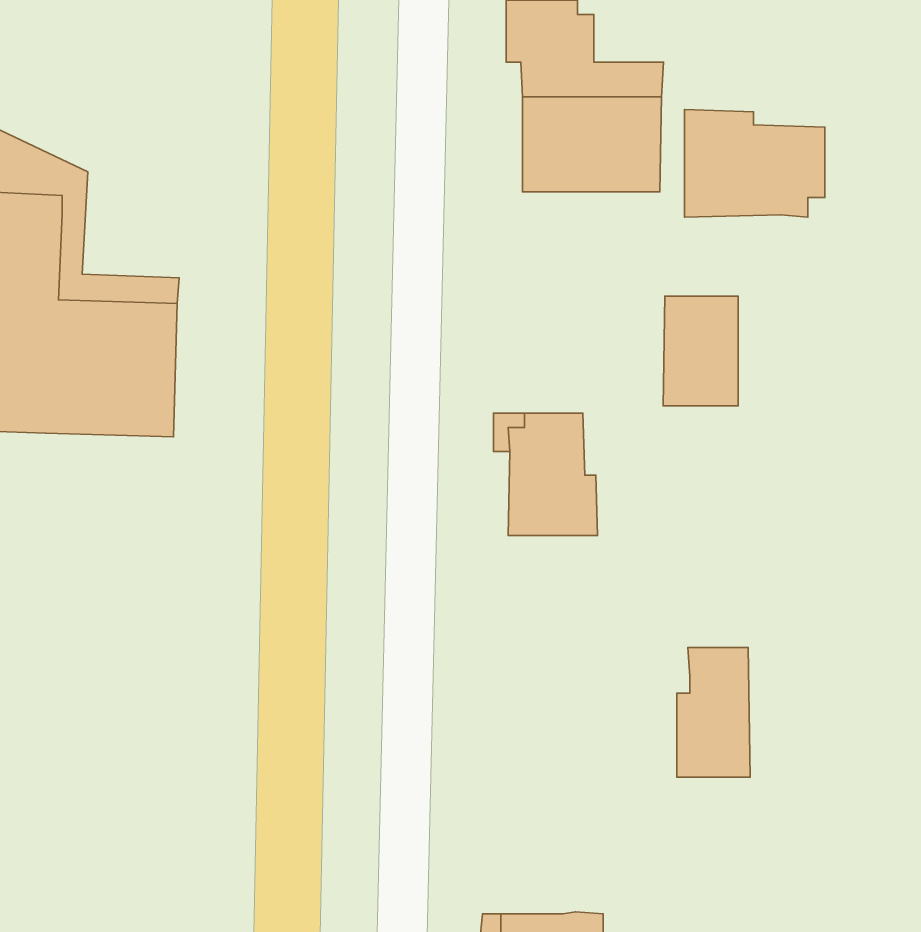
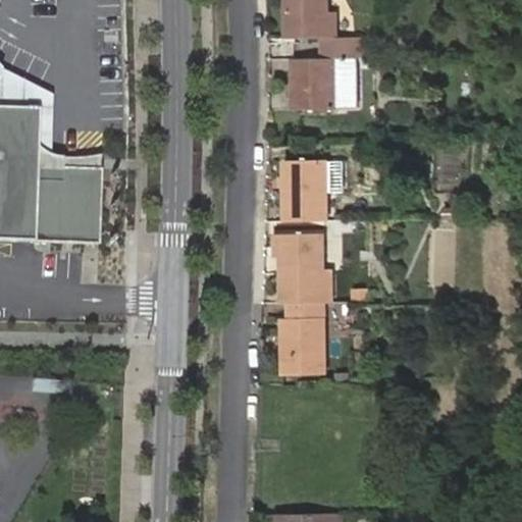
building: [685,110,825,217] -> none
building: [663,296,738,406] -> [280,158,322,219]
building: [677,647,750,777] -> [277,300,318,372]

